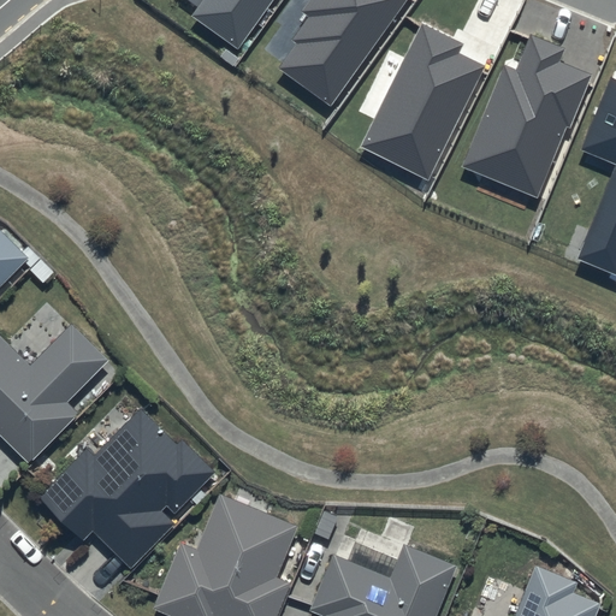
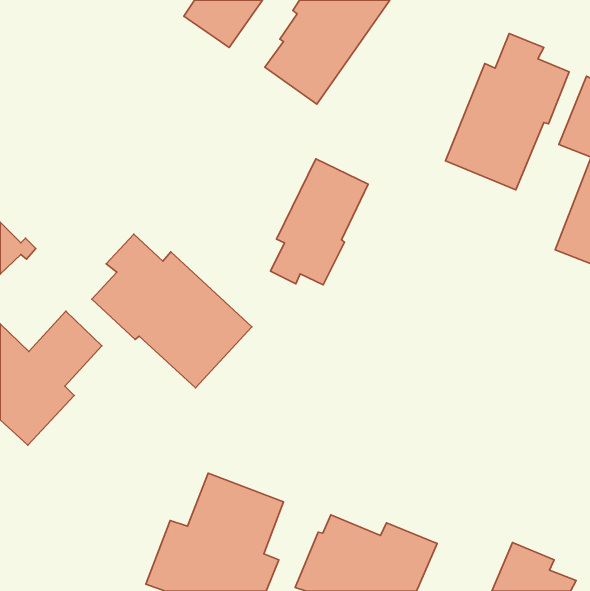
building: [362,23,484,178] -> none
building: none -> [270,159,368,285]
building: none -> [92,234,252,388]
building: [37,408,214,567] -> none

